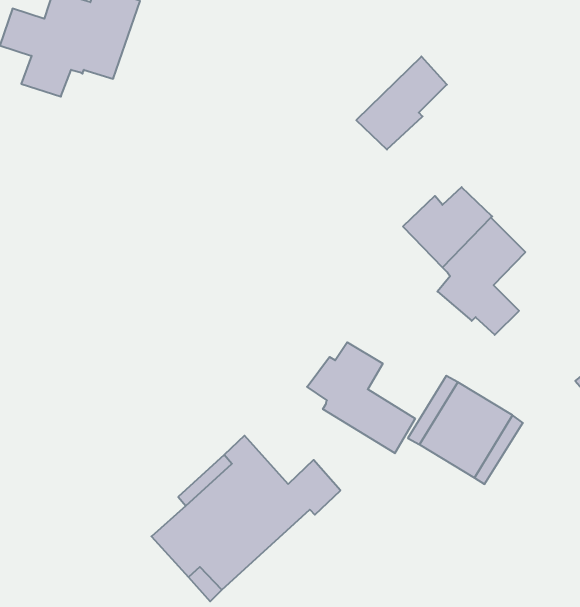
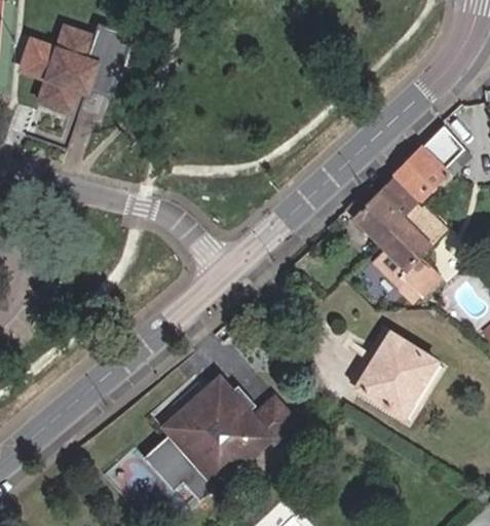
building: [356,56,447,150] -> [393,125,466,200]
building: [307,342,415,453] -> none

